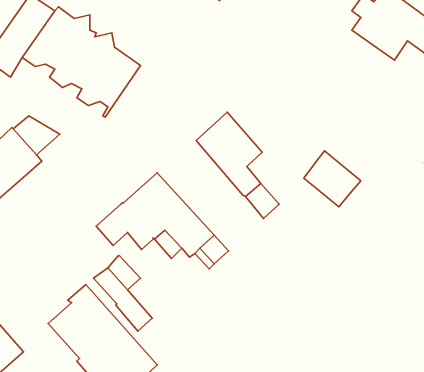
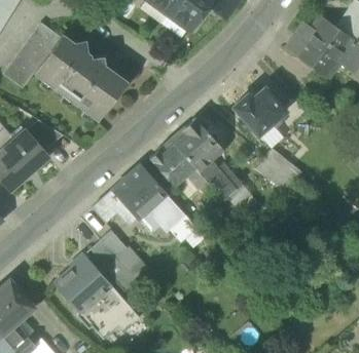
building: none -> [234,86,287,135]
building: none -> [150,140,209,190]

